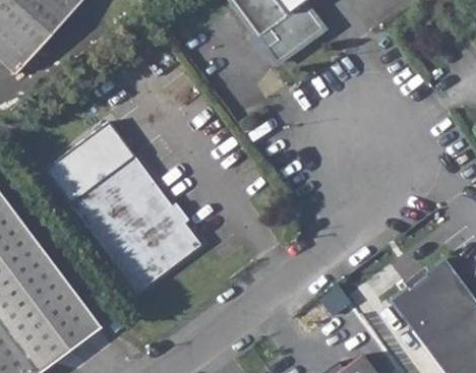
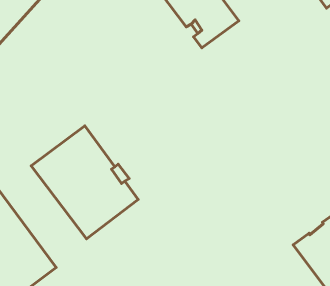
building: [45,122,135,204] -> none

